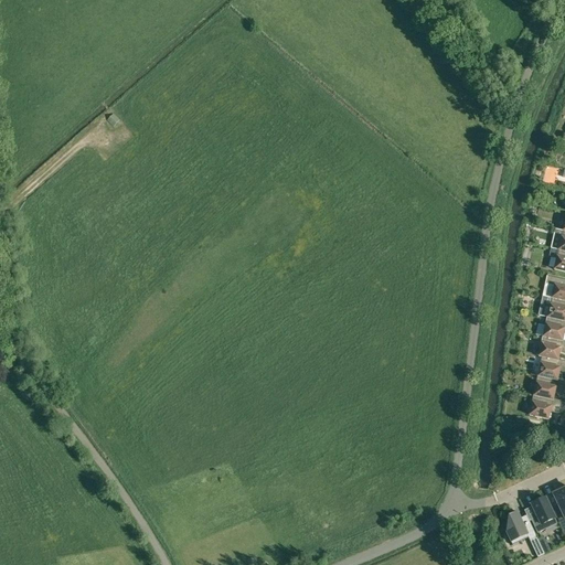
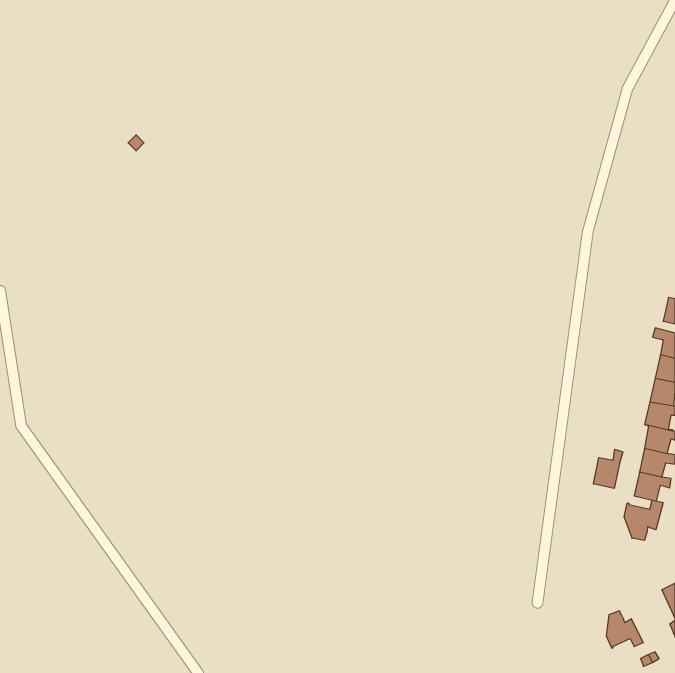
building: none -> [593,449,623,488]
building: none -> [624,500,663,540]
building: [531,497,557,531] -> none

